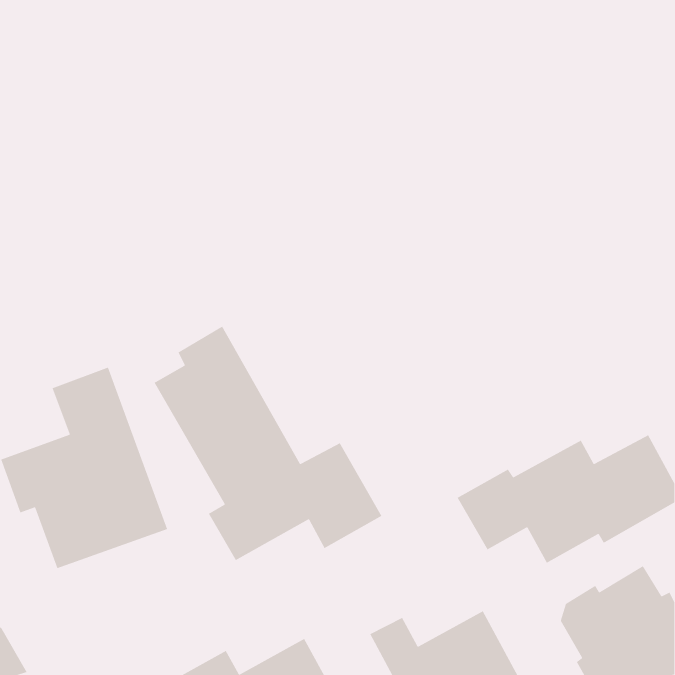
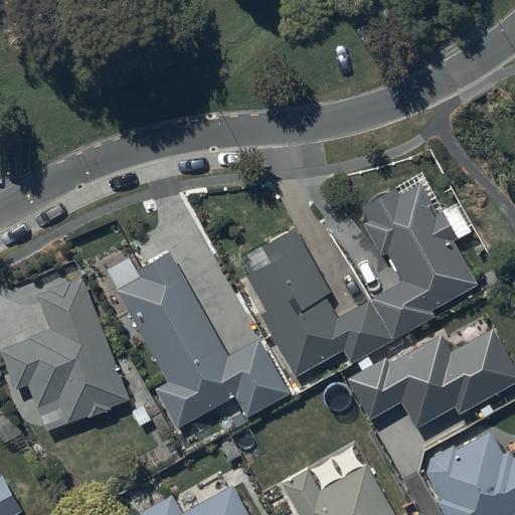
building: none -> [246,184,478,377]

